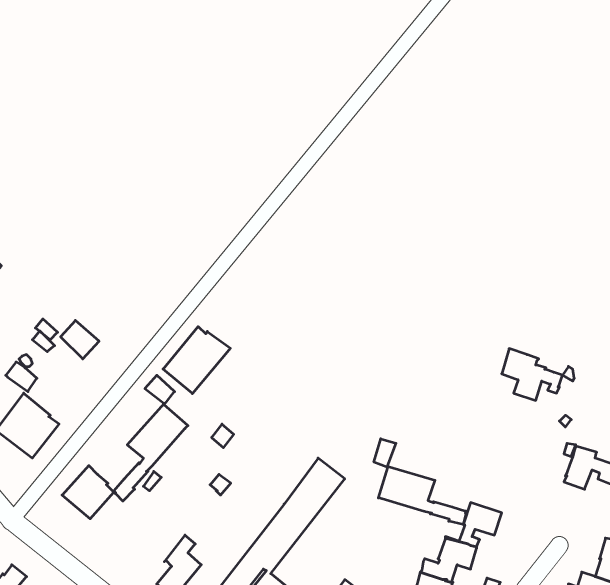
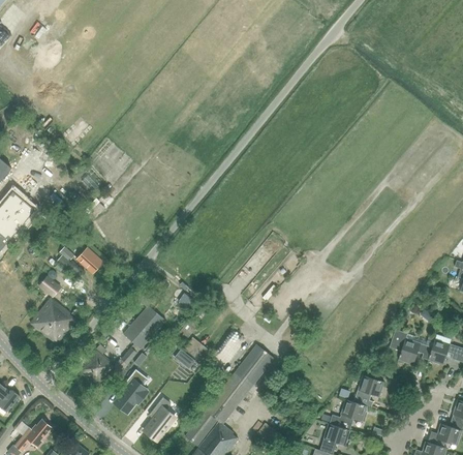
building: [163,327,230,394] -> none
building: [502,349,562,400] -> [390,329,432,365]
building: [374,439,466,525] -> none
building: none -> [114,369,148,414]

